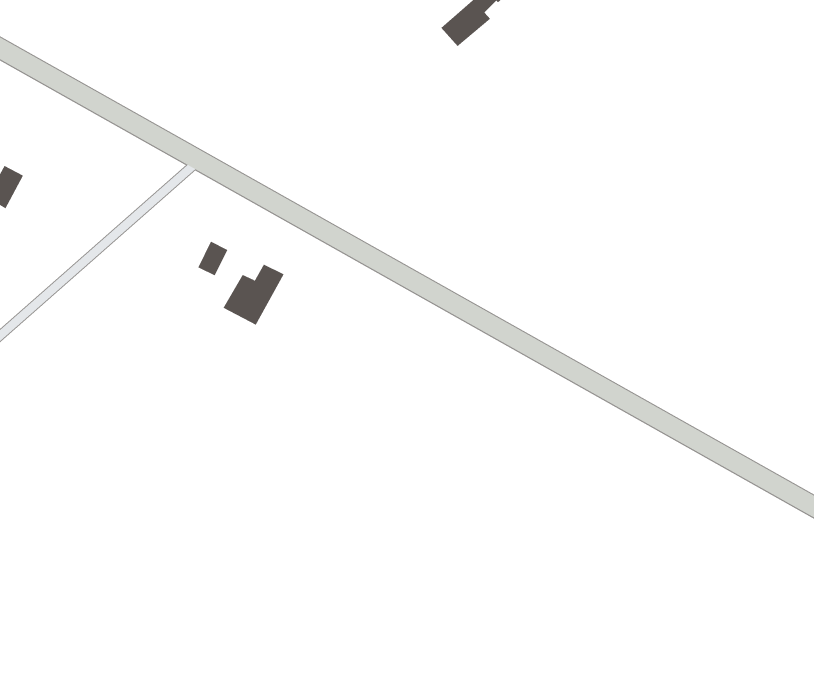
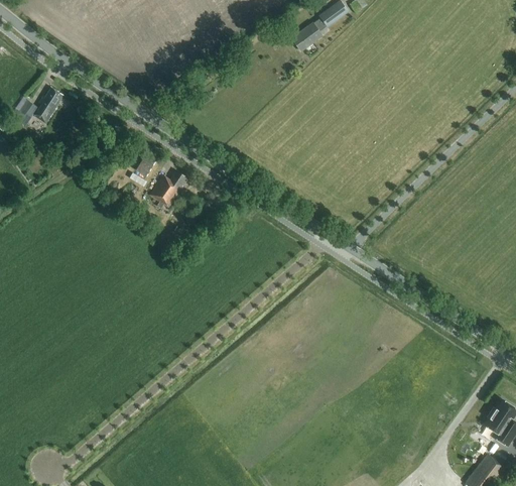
building: none -> [34,87,63,123]

